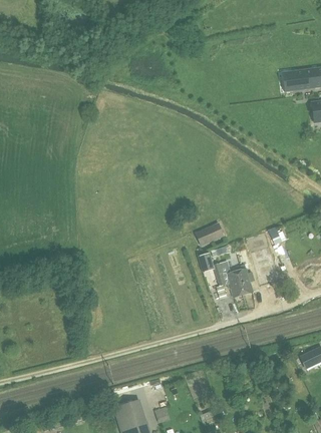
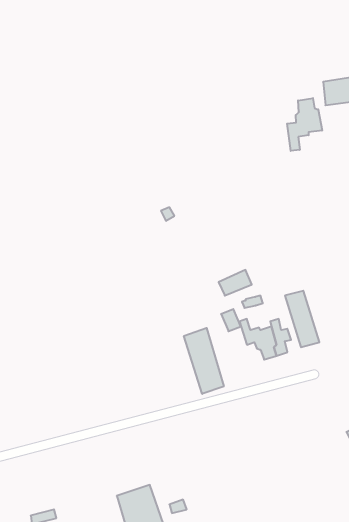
building: none -> [287,98,322,151]
building: none -> [184,328,224,394]

